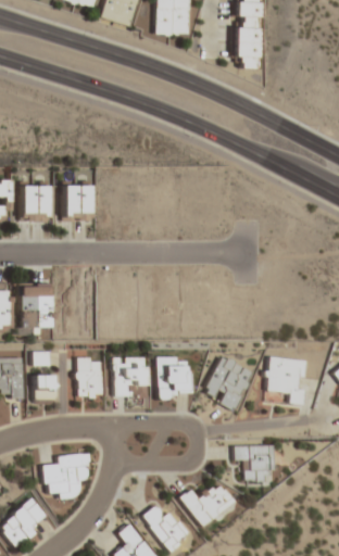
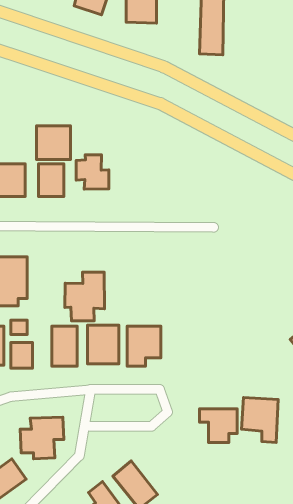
building: none -> [37,126,71,160]
building: none -> [76,155,109,189]
building: none -> [65,272,105,321]
building: [203,355,254,410] -> none
building: [267,357,306,405] -> [242,398,278,443]
building: [180,481,237,528] -> none

